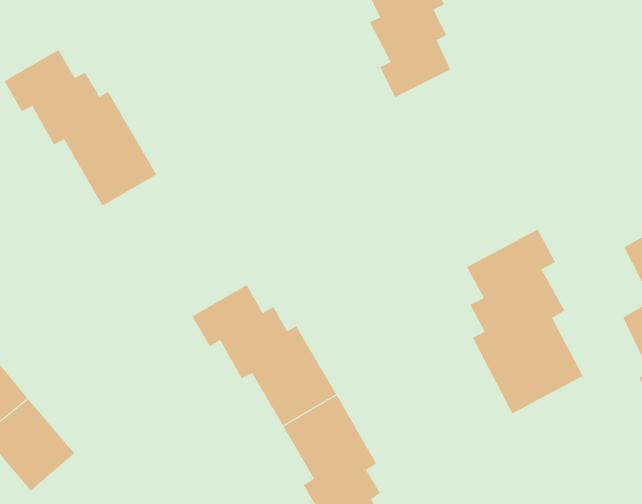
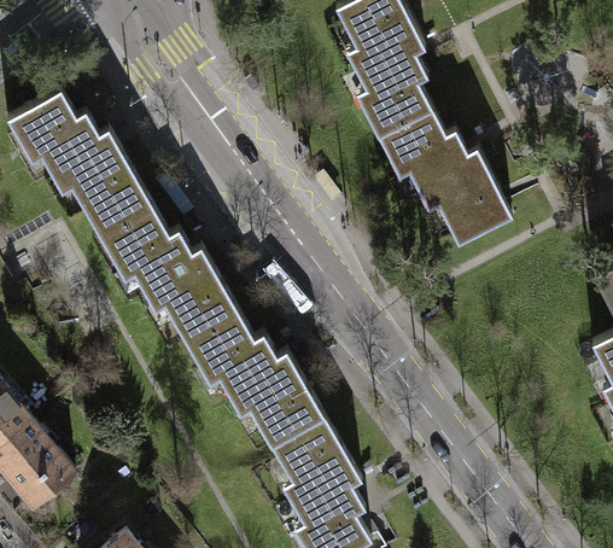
building: none -> [378,111,512,247]
building: none -> [101,210,238,344]
building: [467,229,583,414] -> none

